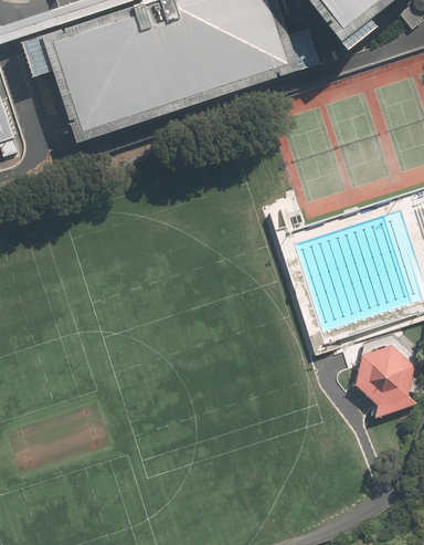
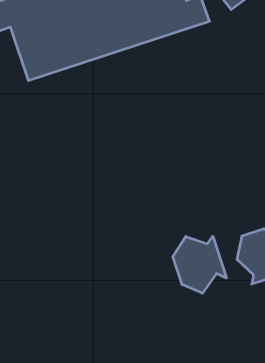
building: none -> [173,236,226,293]

